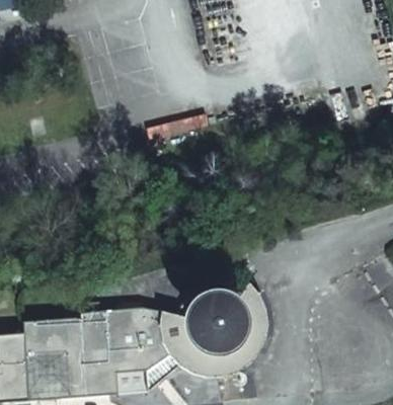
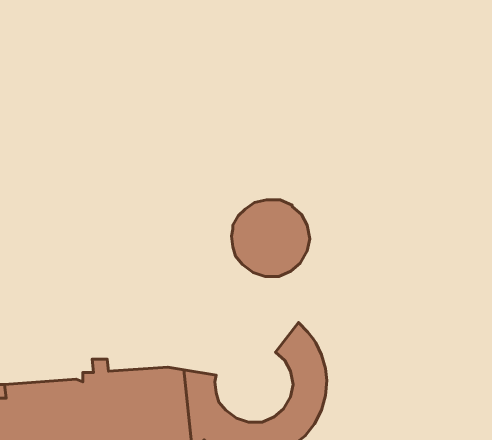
building: [183,296,242,353] -> [232,200,310,276]

